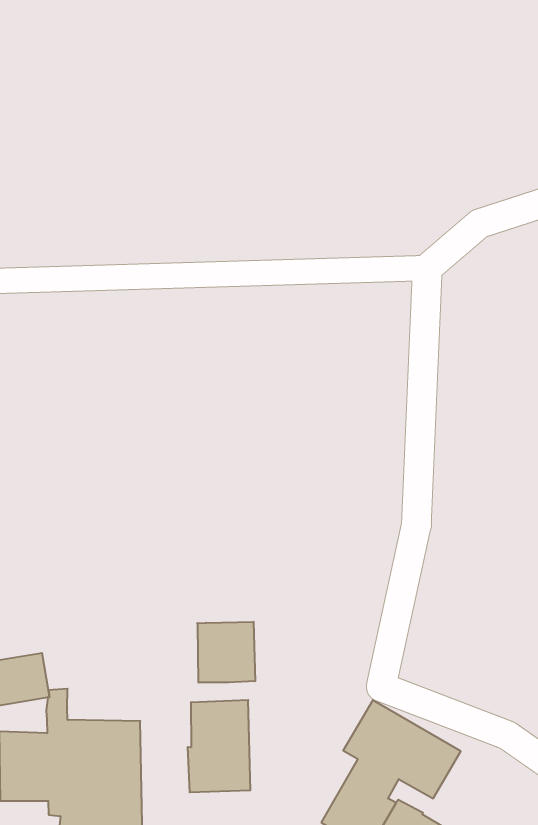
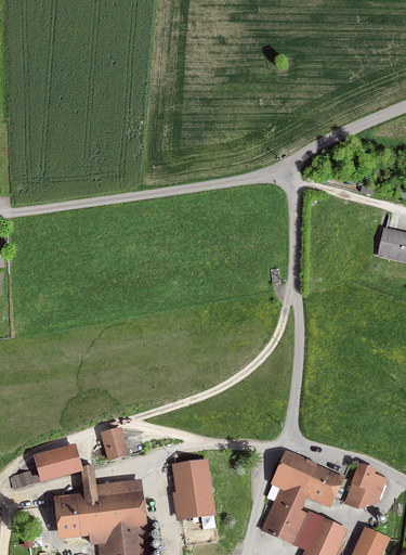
building: [197,622,255,683] -> none
building: none -> [101,427,130,461]
building: none -> [344,462,387,509]

